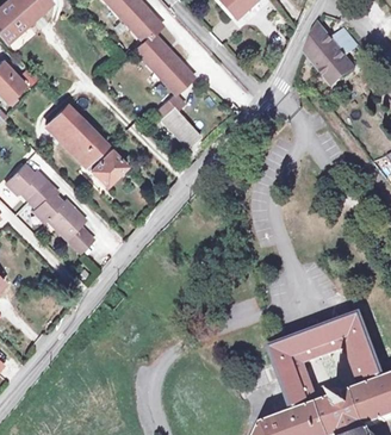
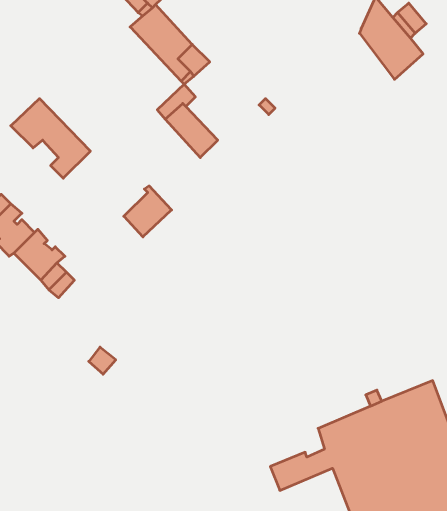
building: [88,144,124,182] -> [124,186,172,237]

